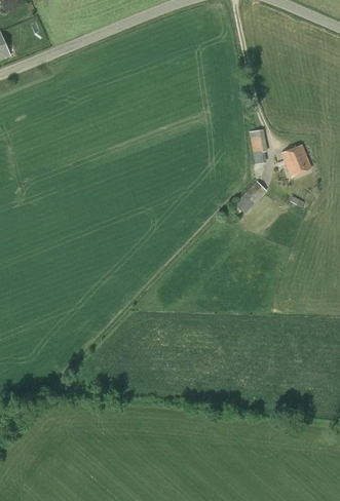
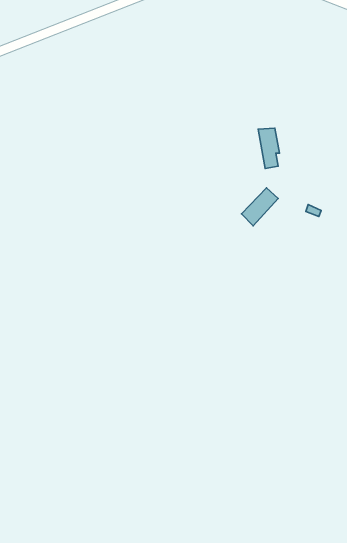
building: [280,144,311,177] -> none

